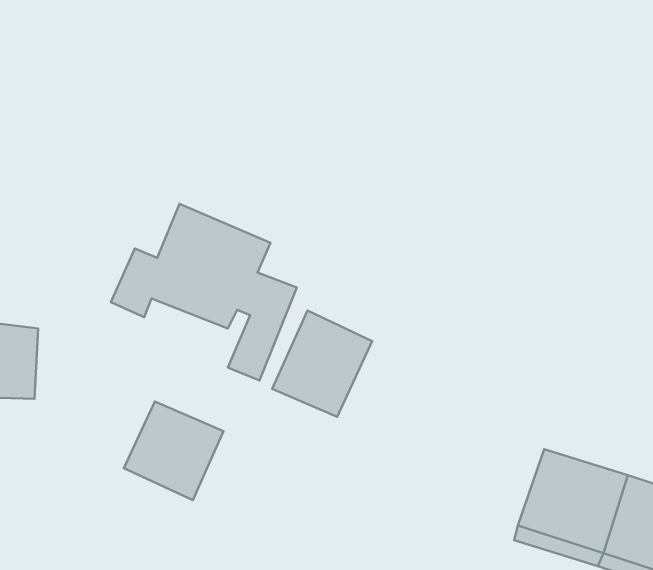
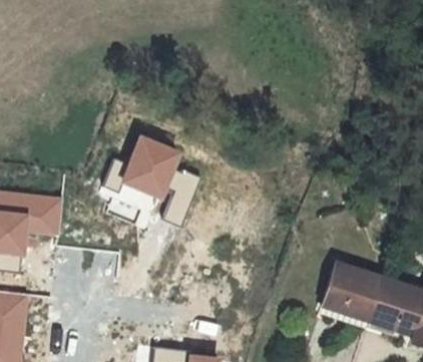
building: [272,311,372,417] -> none
building: [124,401,224,500] -> none

